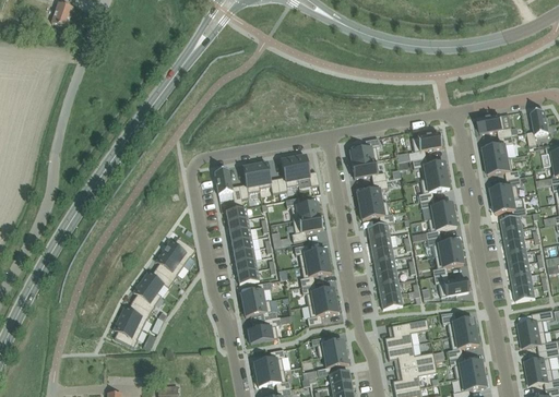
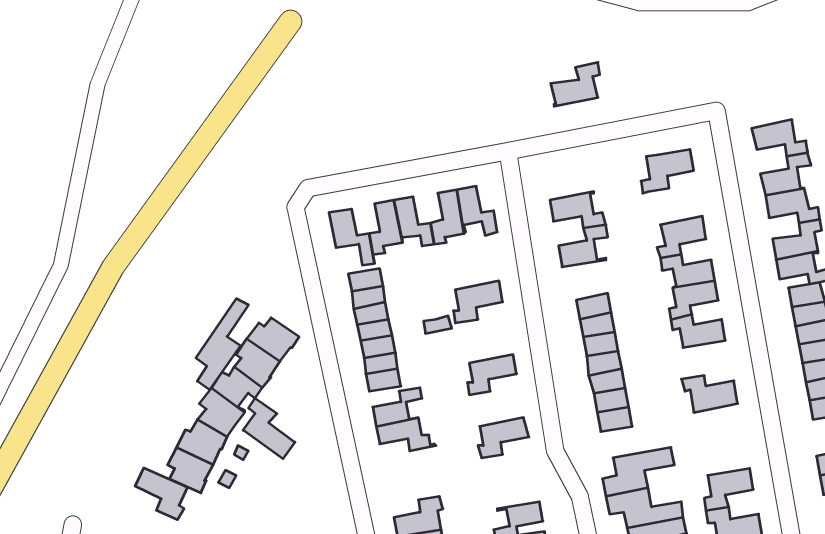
building: [349,136,380,164] -> [551,62,600,106]
building: [413,156,447,179] -> none
building: [285,196,320,219] -> none
building: [359,201,394,222] -> none
building: none -> [196,299,248,390]
building: [294,243,329,265] -> none
building: [432,251,463,275] -> none
building: [301,282,335,304] -> none
building: none -> [243,398,295,459]
building: [441,312,476,335] -> none
building: [248,316,282,341] -> none
building: none -> [135,468,188,520]
building: [311,335,345,356] -> none

